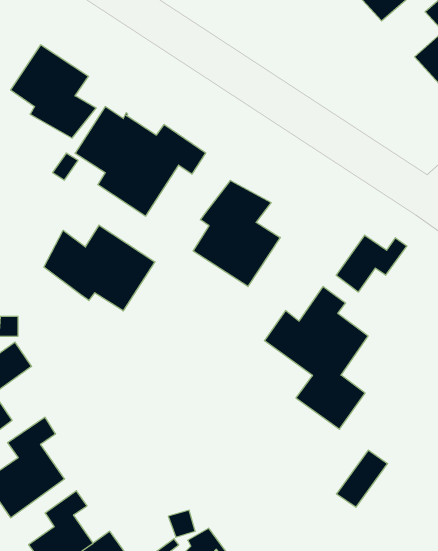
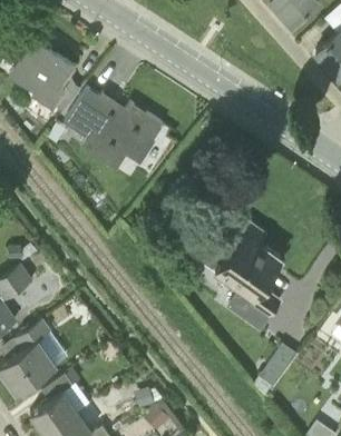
building: [193,180,280,287] -> none
building: [44,225,155,311] -> none
building: [336,235,407,292] -> none

